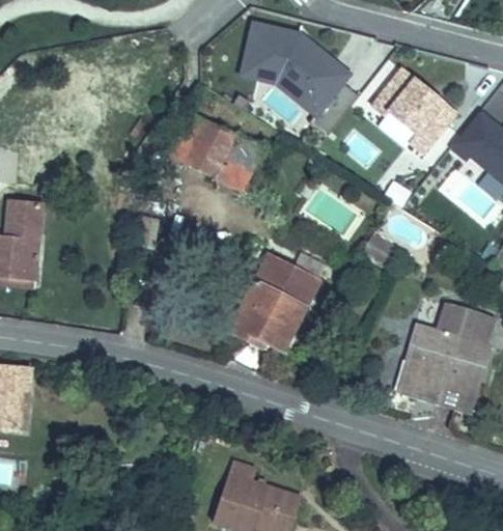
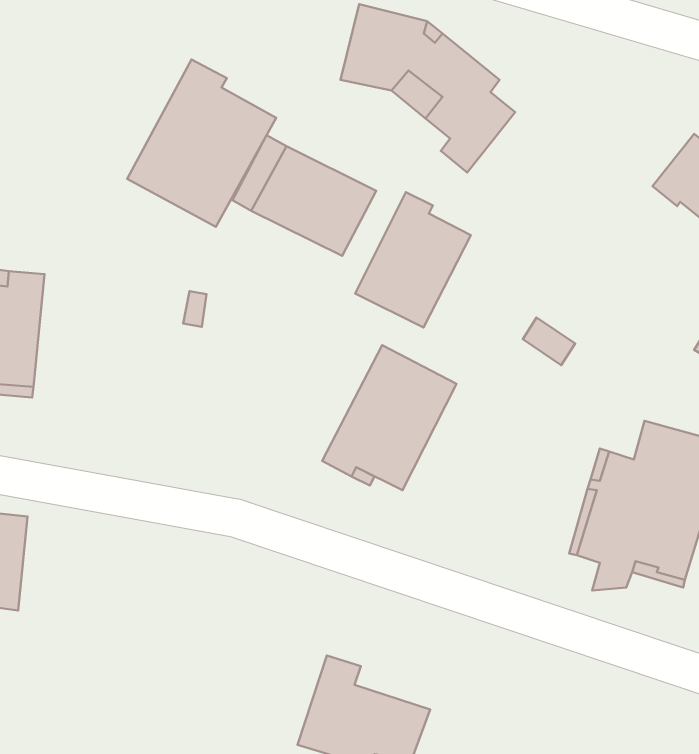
building: none -> [127,59,276,227]
building: [372,67,456,152] -> none
building: none -> [355,192,471,327]

